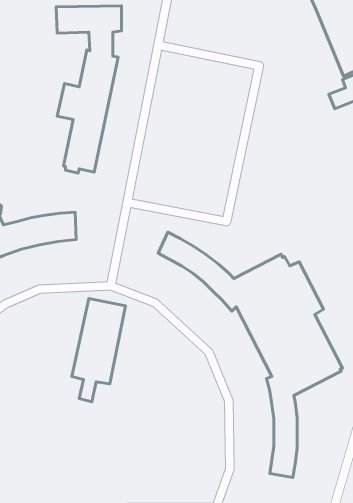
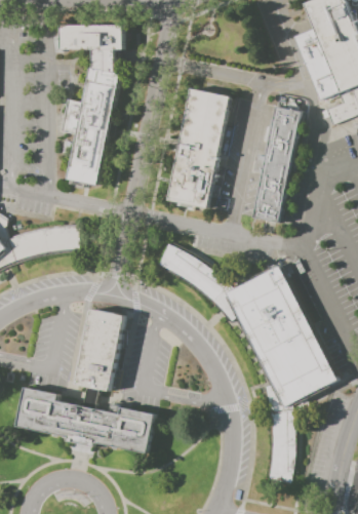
building: none -> [291,27,340,98]
building: none -> [167,87,229,207]
building: none -> [252,106,301,222]
building: none -> [14,386,157,453]

